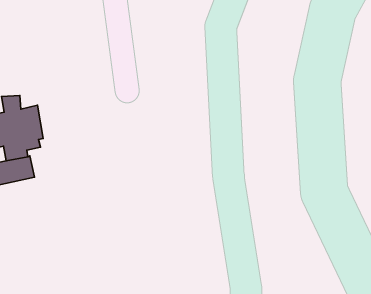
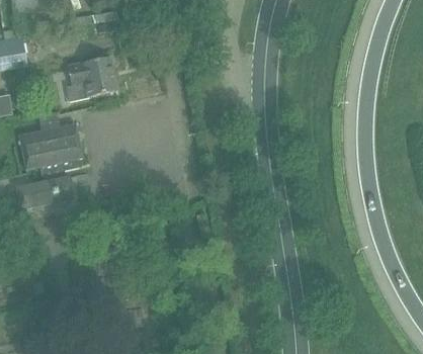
building: none -> [67,56,115,99]

